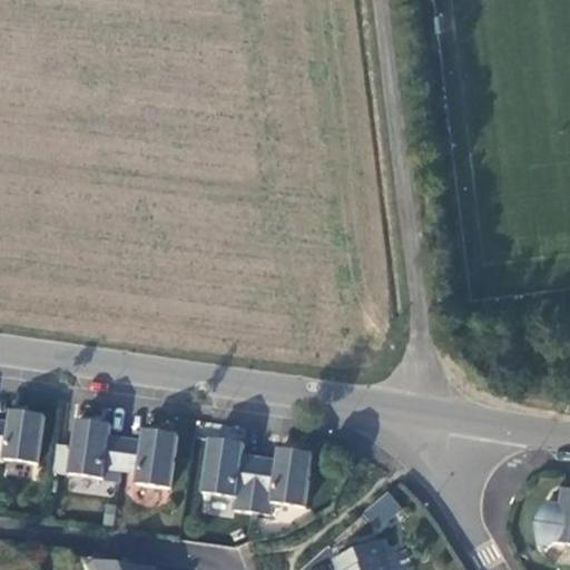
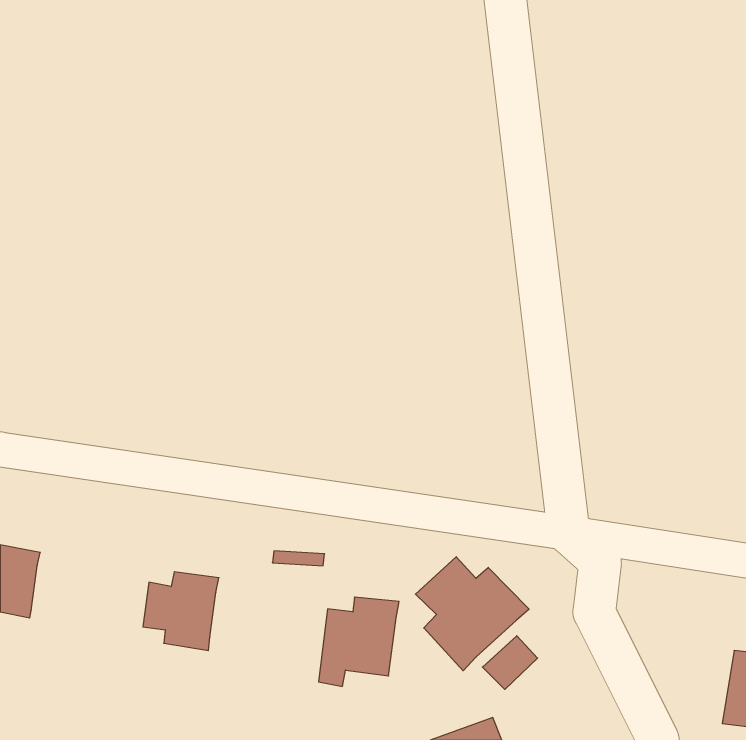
building: none -> [415,557,529,671]
building: [68,419,122,476] -> none
building: [200,436,256,510] -> none

